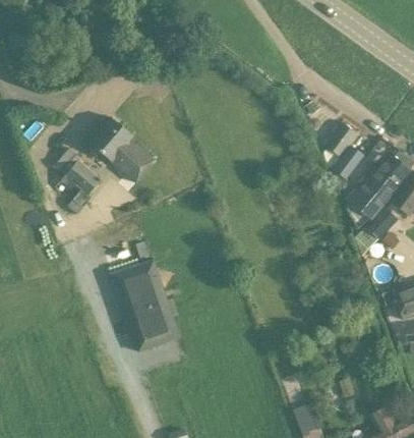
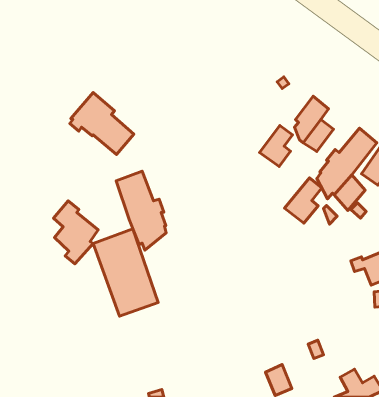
building: [54,148,101,214] -> [54,201,98,264]
building: none -> [259,125,292,167]
building: none -> [116,171,166,250]
building: none -> [284,178,322,223]

